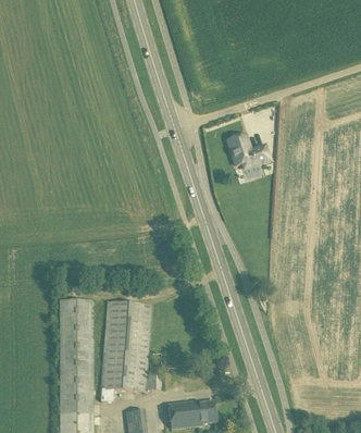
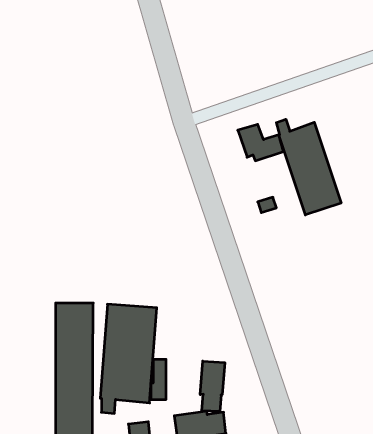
building: none -> [276,119,341,215]
building: none -> [200,361,225,412]

